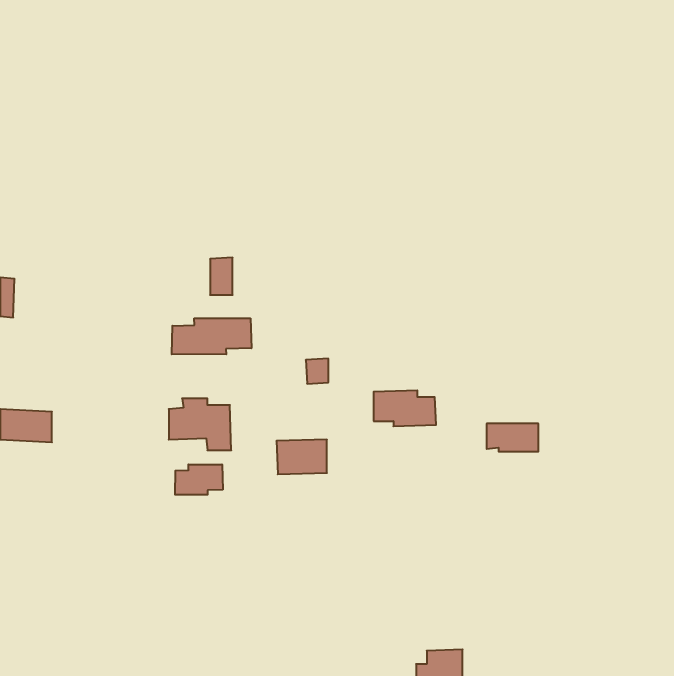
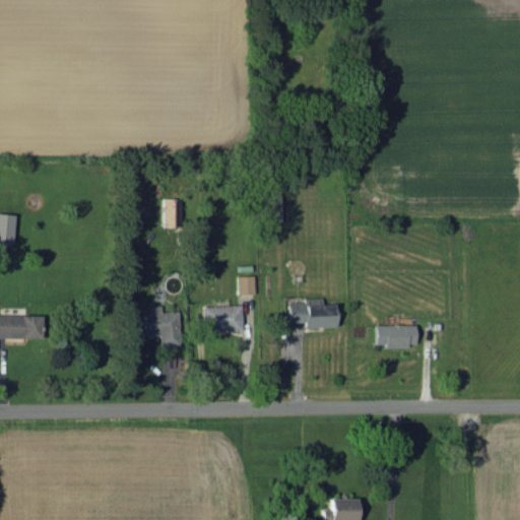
building: [172,318,251,354] -> none
building: [276,440,327,474] -> [204,306,243,332]
building: [175,464,223,495] -> none

